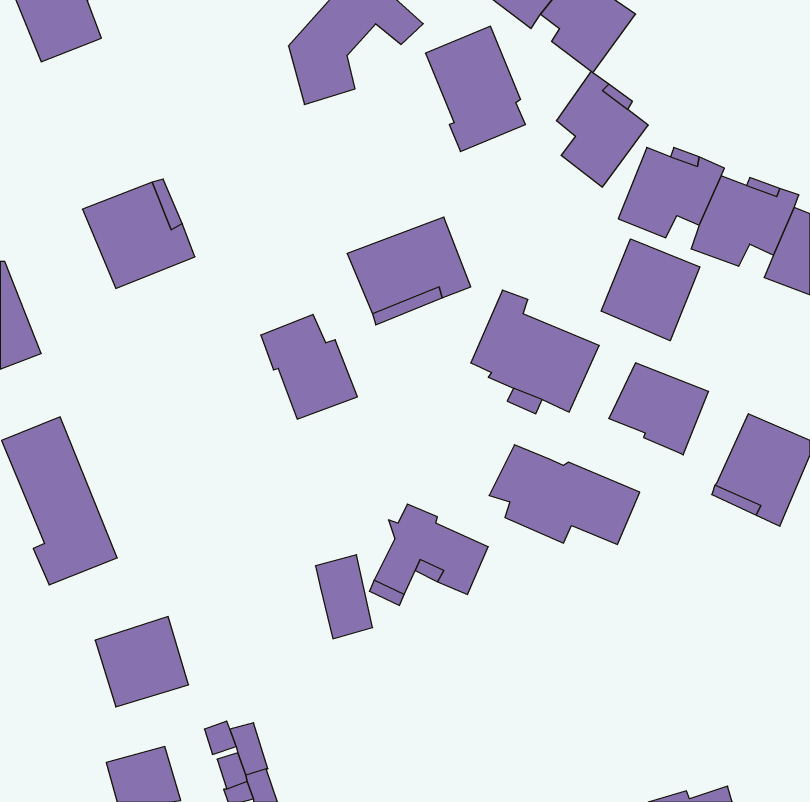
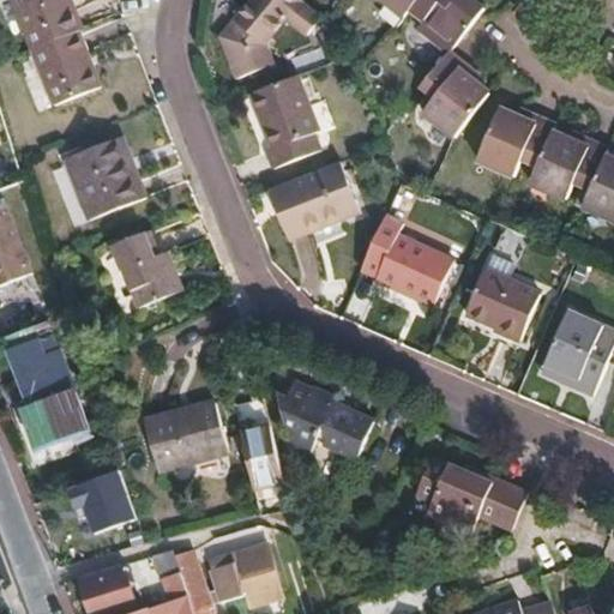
building: [425,26,525,152] -> [242,77,318,171]
building: none -> [29,29,100,106]
building: [601,239,700,341] -> none
building: [261,314,357,419] -> [112,229,185,308]
building: [489,445,640,545] -> [414,452,528,528]
building: none -> [139,392,227,463]
building: none -> [210,541,276,597]

